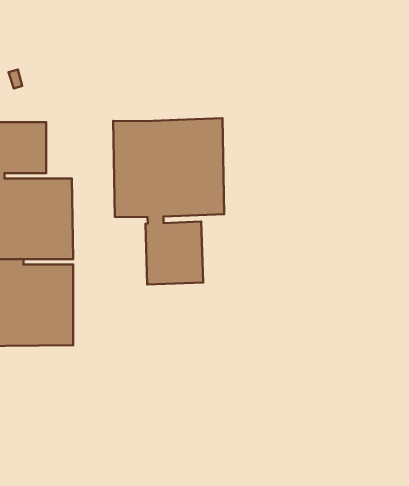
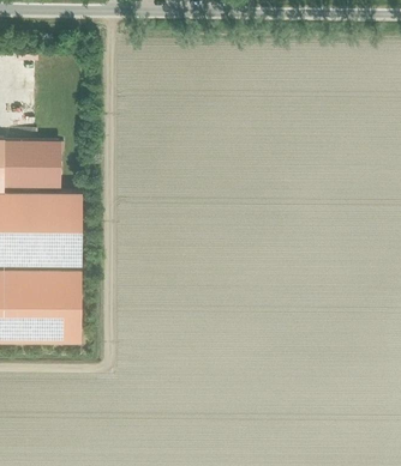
building: [113,118,224,285] -> none

